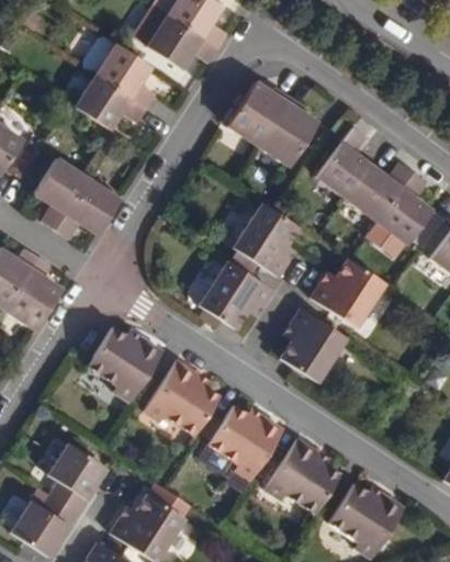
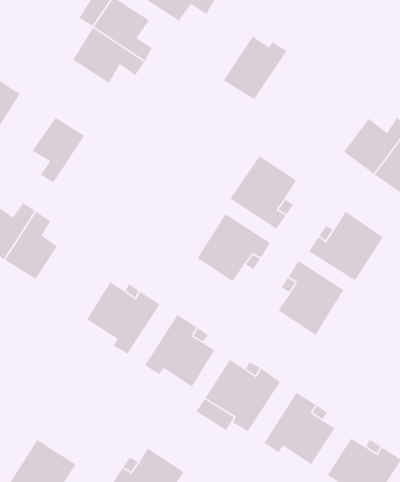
building: [257,97,317,167] -> none
building: [316,128,371,198] -> none
building: [55,181,117,239] -> none
building: [47,441,106,510] -> none

